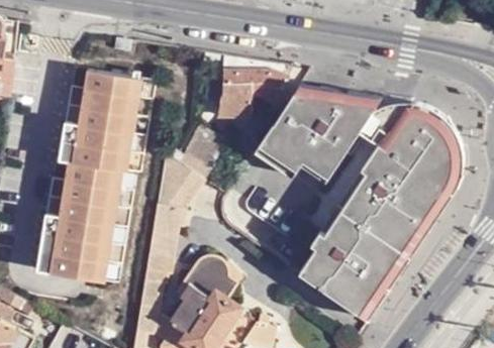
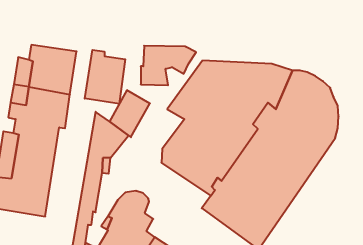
building: none -> [85,50,125,104]

